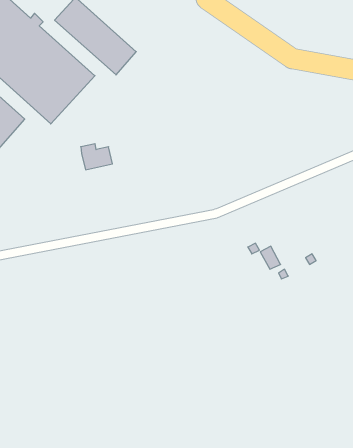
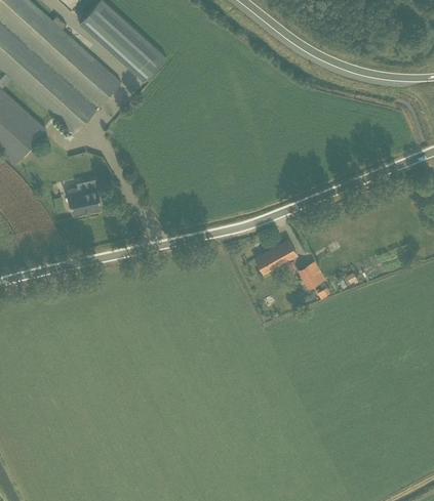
building: [81,144,112,170] -> [68,185,102,213]
building: none -> [254,240,297,273]

